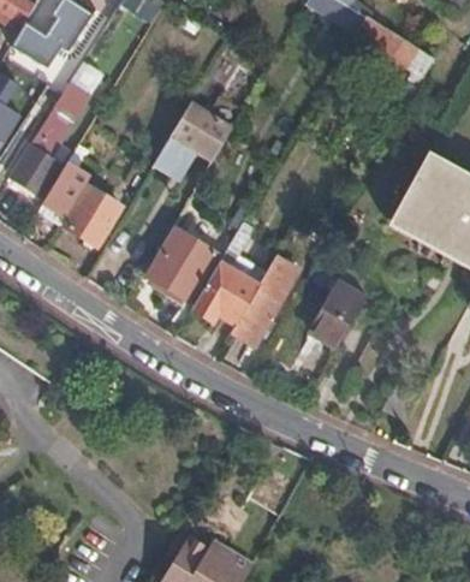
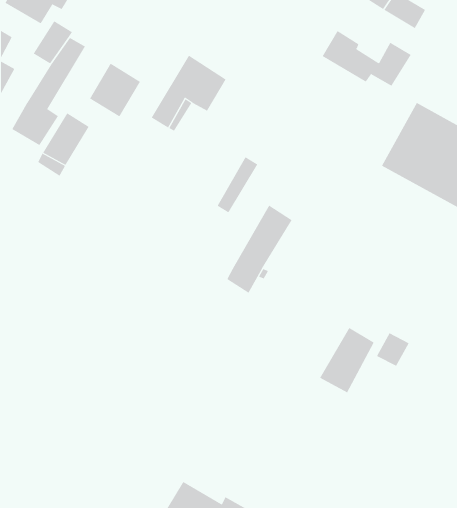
building: none -> [322,30,411,87]
building: [67,188,120,243] -> [89,63,141,117]
building: [148,230,215,298] -> none
building: [192,262,257,321] -> none
building: [311,279,368,346] -> [319,327,375,393]

